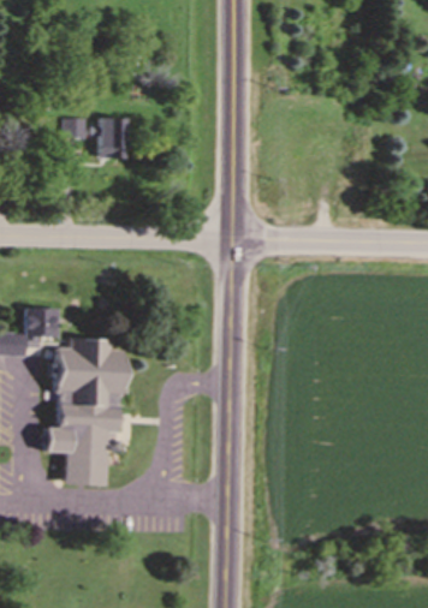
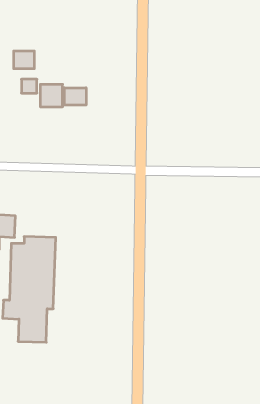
building: none -> [14,51,34,69]
building: none -> [64,88,86,105]

